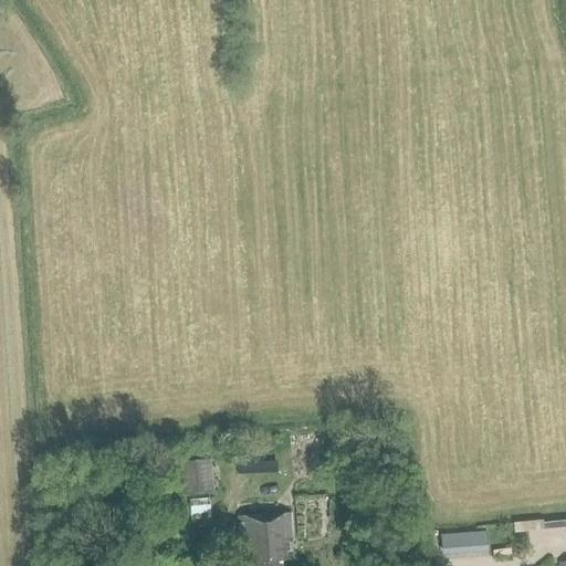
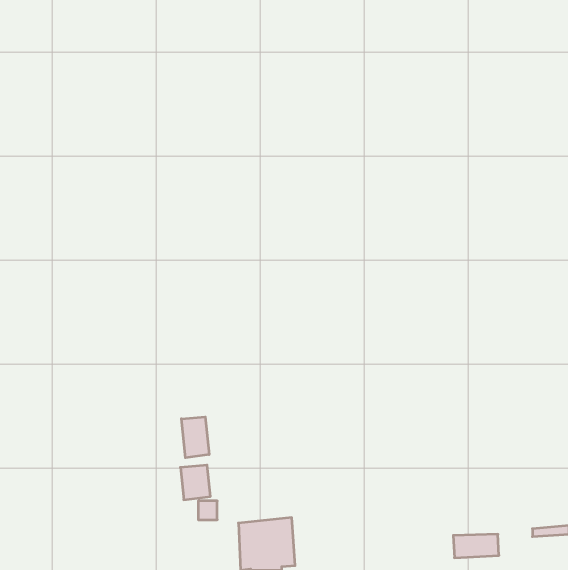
building: none -> [181,417,209,458]

